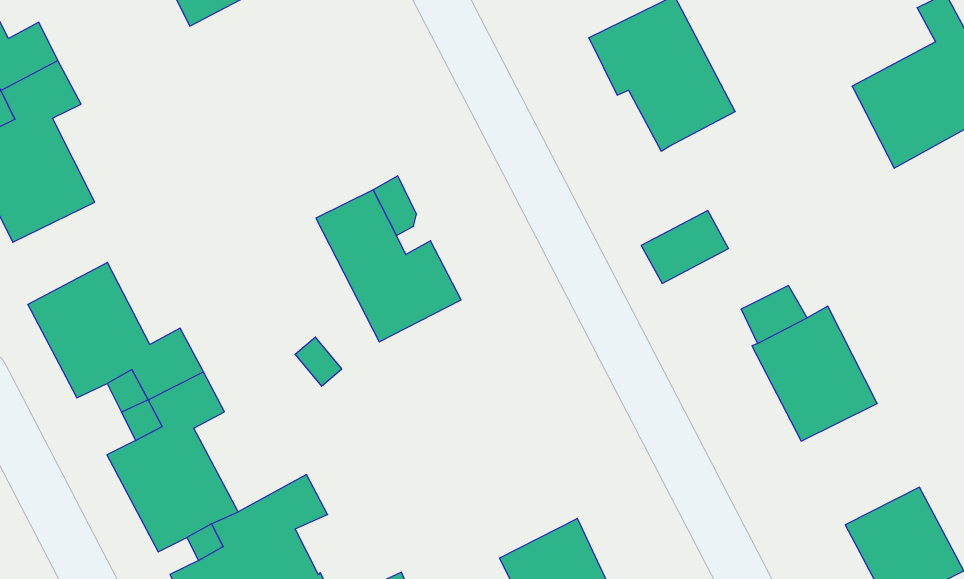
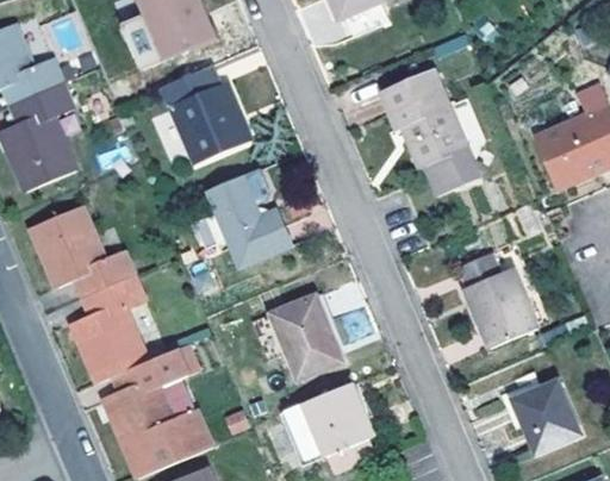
building: none -> [161,65,248,160]
building: [641,210,729,283] -> [423,145,475,187]
building: none -> [270,295,341,377]

